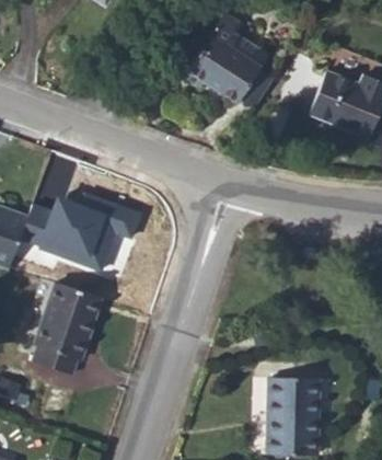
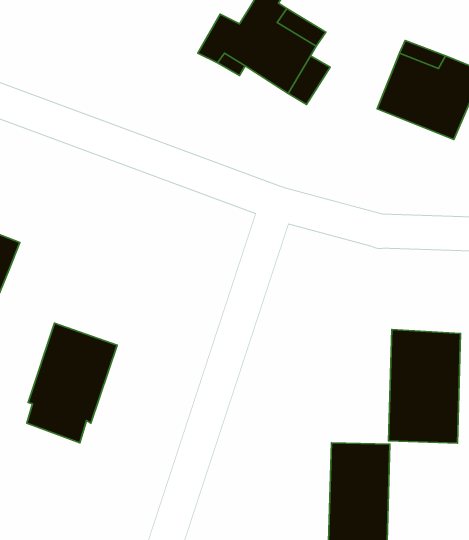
building: [18,192,143,267] -> none
building: none -> [389,330,460,443]

